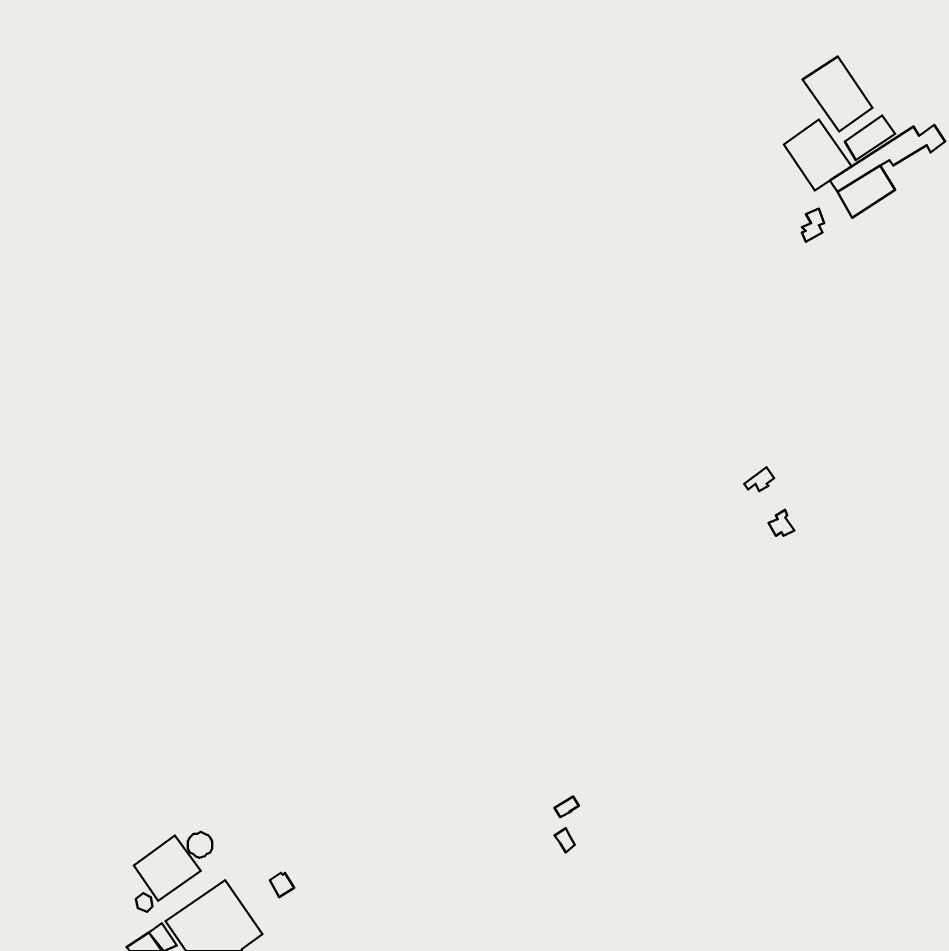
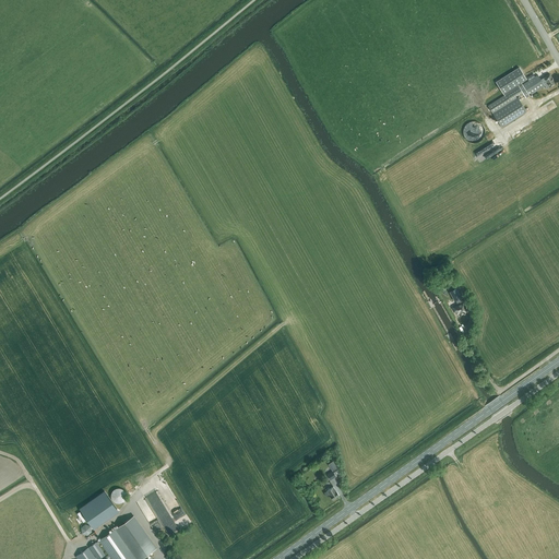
building: [802,56,872,132] -> none
building: [784,120,852,190] -> none

